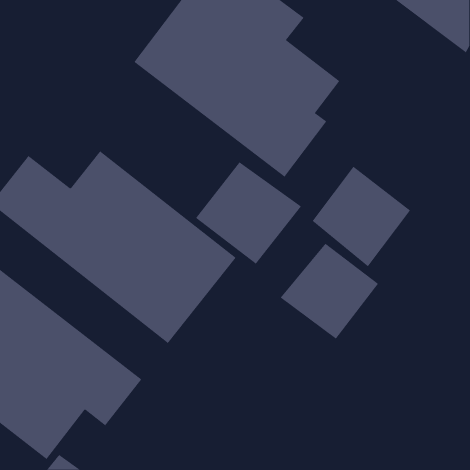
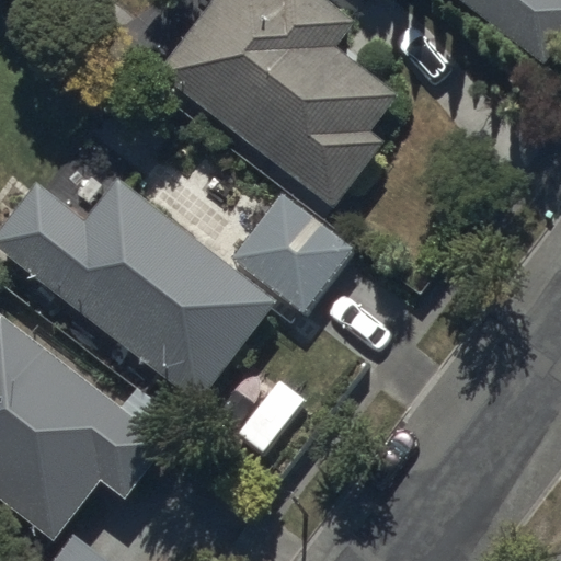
building: [312,166,411,267] -> none
building: [280,243,379,340] -> none

